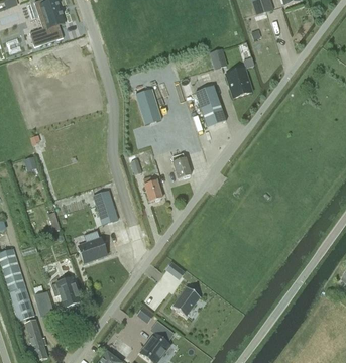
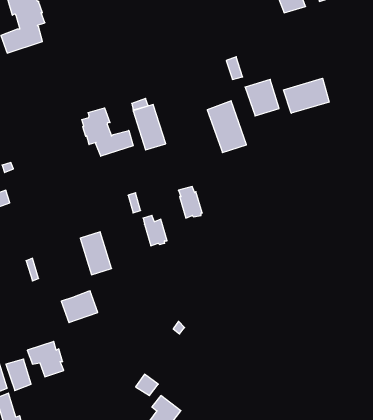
building: none -> [284,78,329,113]
building: none -> [82,108,133,156]
building: [172,286,200,316] -> none

